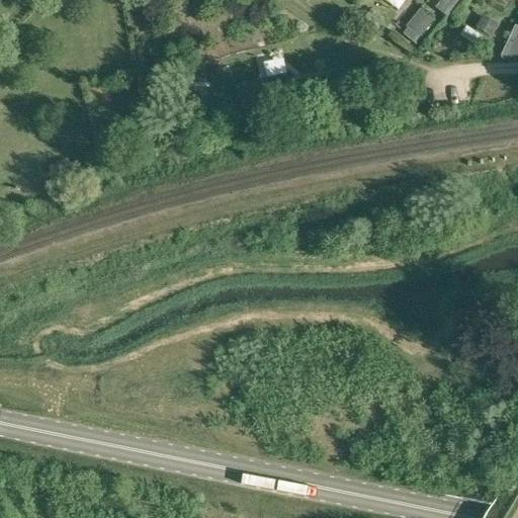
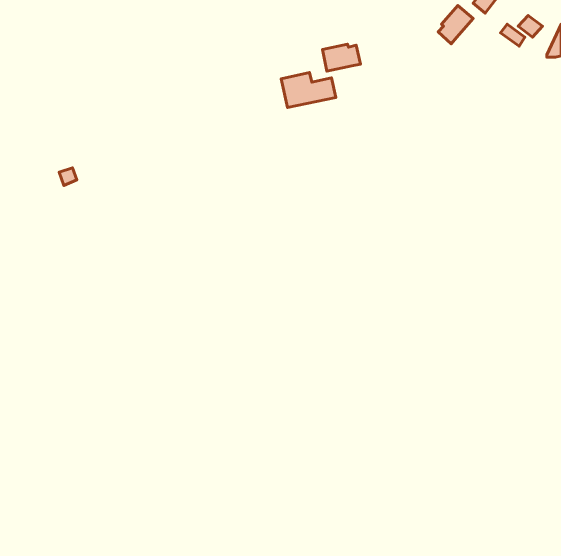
building: none -> [322,44,361,71]

